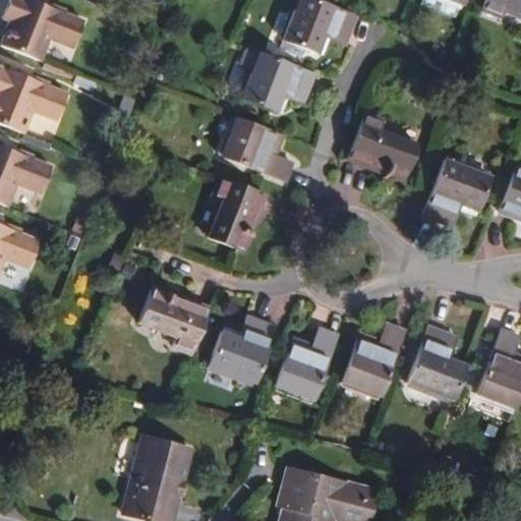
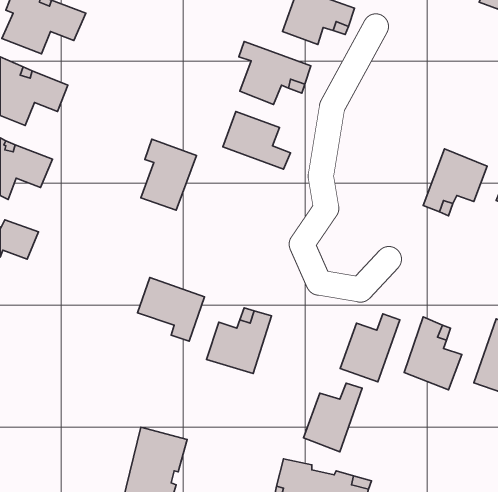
building: [348,114,417,178] -> none
building: [209,178,265,249] -> [141,139,196,210]
building: [278,328,337,397] -> [304,383,362,452]

